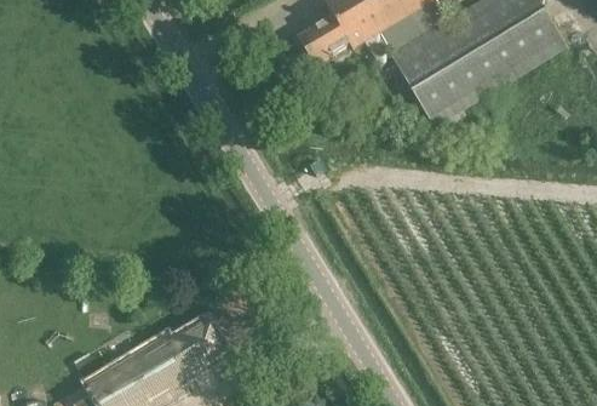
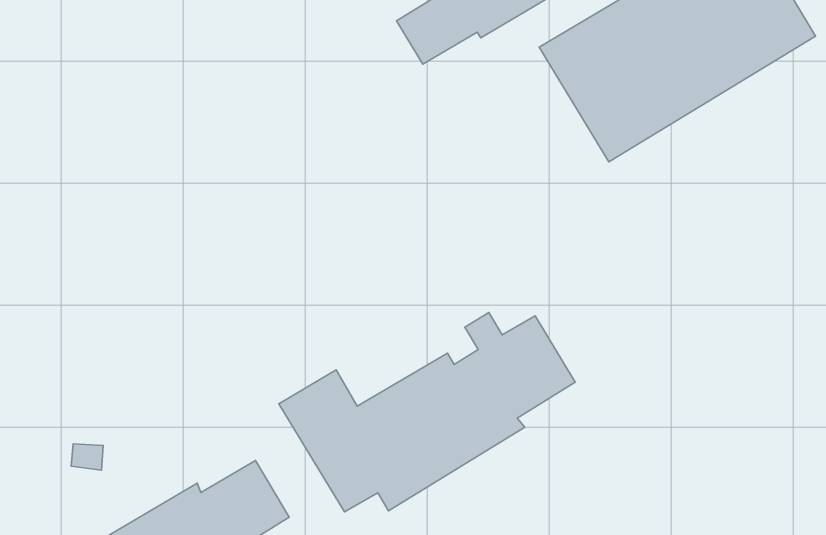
building: none -> [279,312,575,512]

